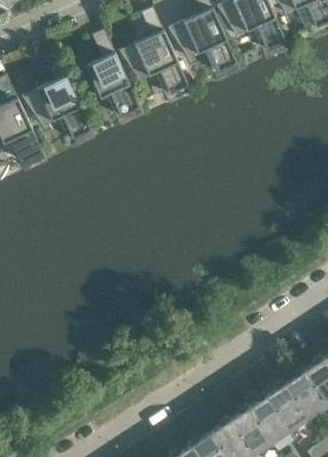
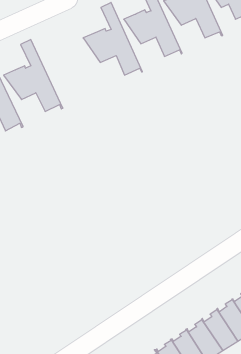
building: [84,29,142,116] -> none

